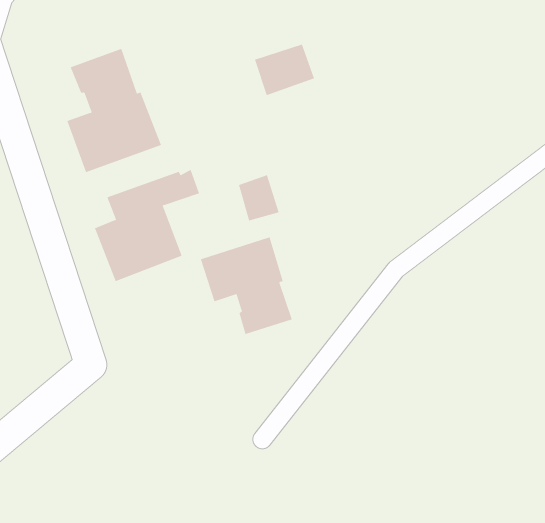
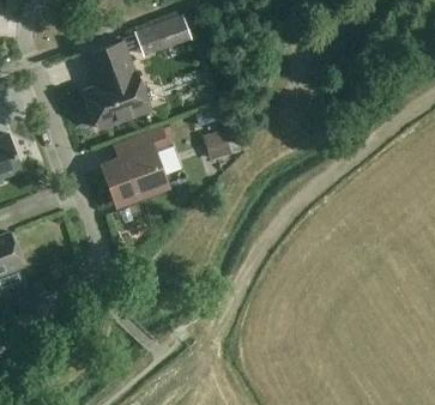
building: [254,44,315,96] -> [149,14,191,50]
building: [200,236,293,335] -> none

